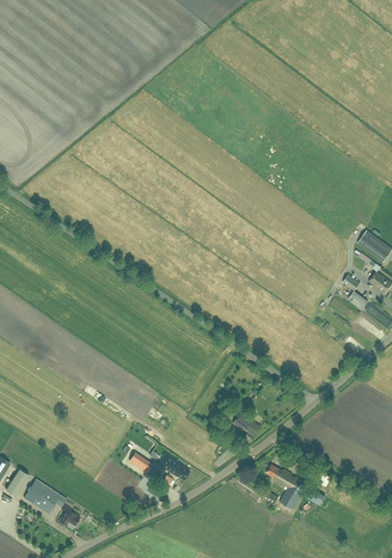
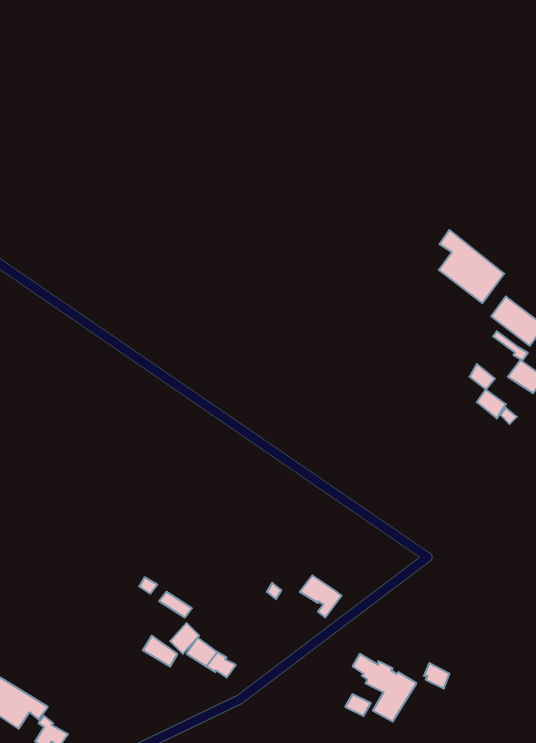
building: none -> [439,230,504,303]

